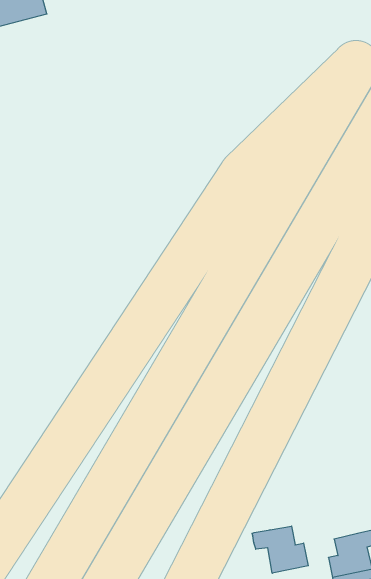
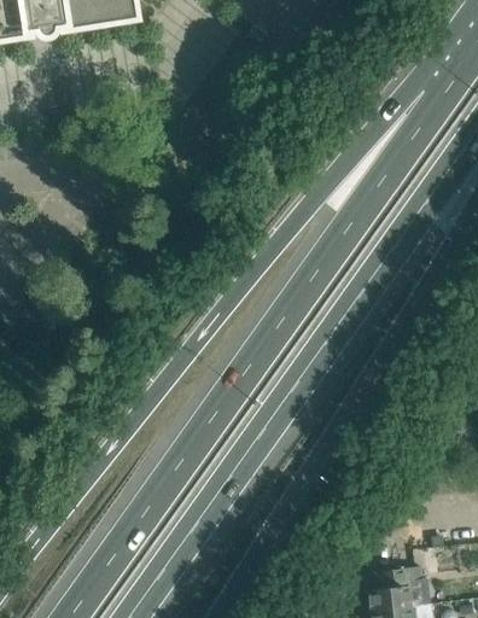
building: [252,526,308,573] -> none

